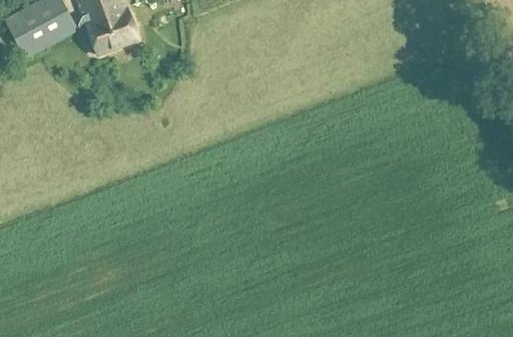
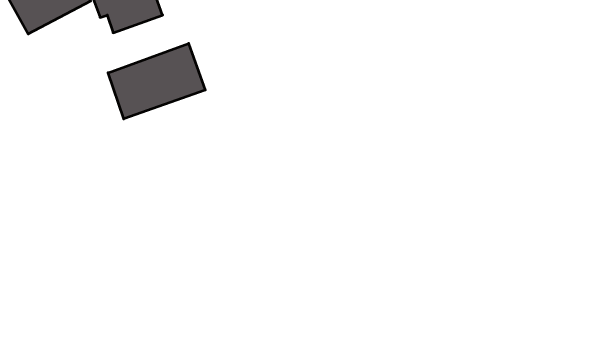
building: none -> [108,43,205,119]

